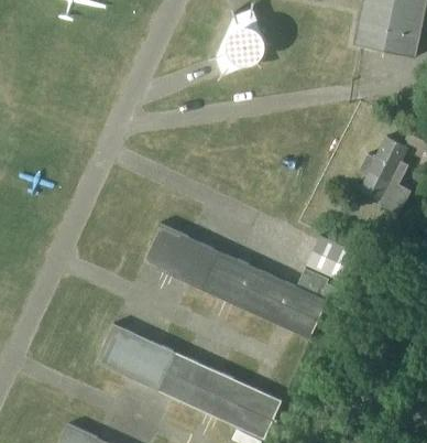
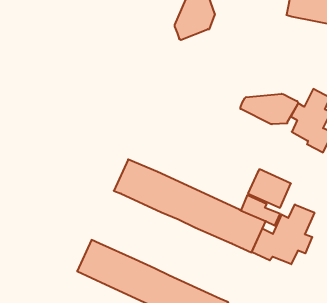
building: none -> [240,94,298,124]
building: none -> [252,204,314,264]

